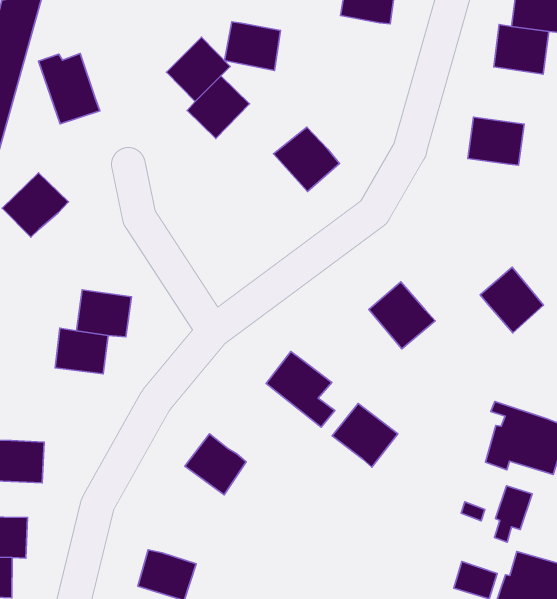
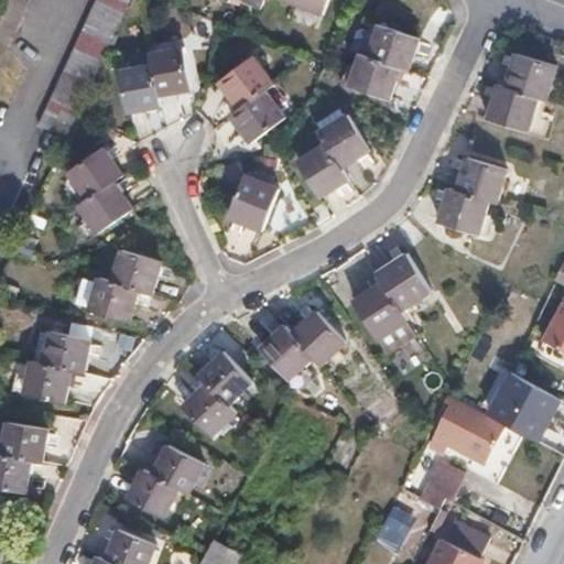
building: [225,22,280,70] -> [348,55,398,100]
building: none -> [149,47,189,94]
building: none -> [318,115,368,165]
building: none -> [436,188,486,235]
building: none -> [227,177,275,229]
building: none -> [76,183,130,232]
building: [480,267,543,333] -> [377,256,427,310]
building: none -> [198,351,250,403]
building: none -> [43,329,87,372]
building: [332,404,398,467] -> [291,311,345,365]
building: none -> [152,444,203,494]

